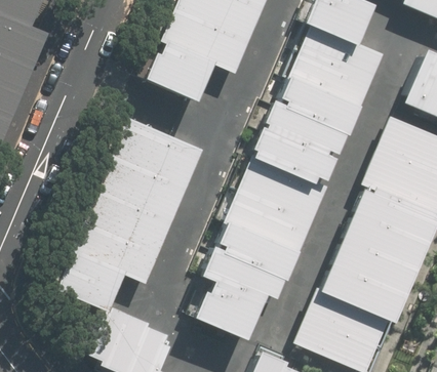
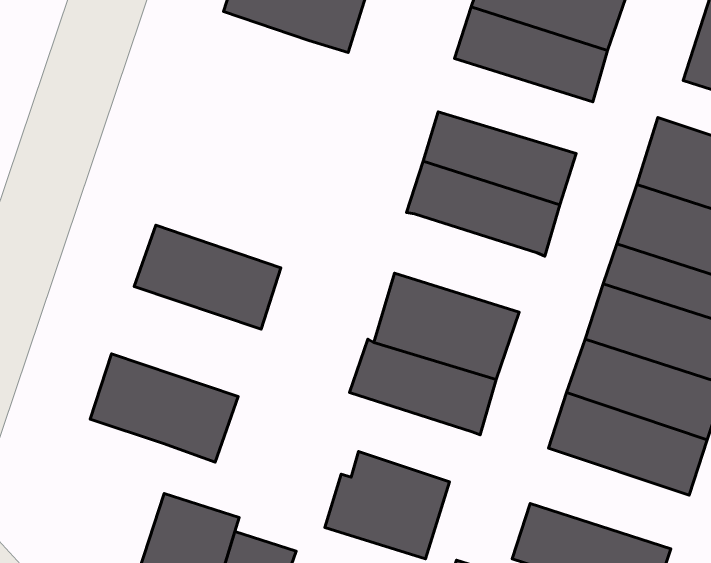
building: [151,43,210,99] -> none
building: [276,79,359,135] -> none
building: [120,122,199,182] -> none
building: [245,160,322,217] -> none
building: [90,185,171,249] -> none
building: [204,252,279,305] -> none
building: [59,254,114,307] -> none
building: [307,291,392,350] -> none

